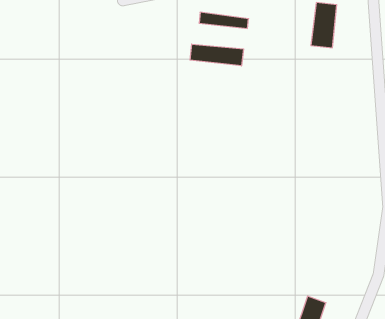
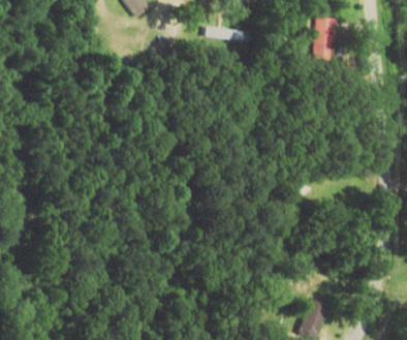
building: [190,44,243,66] -> none

